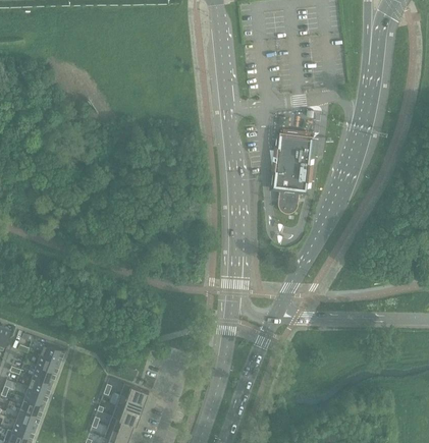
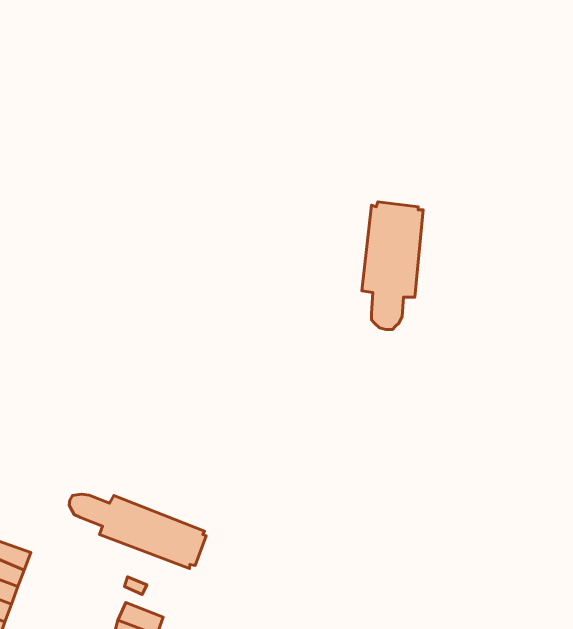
building: none -> [69,494,206,568]

